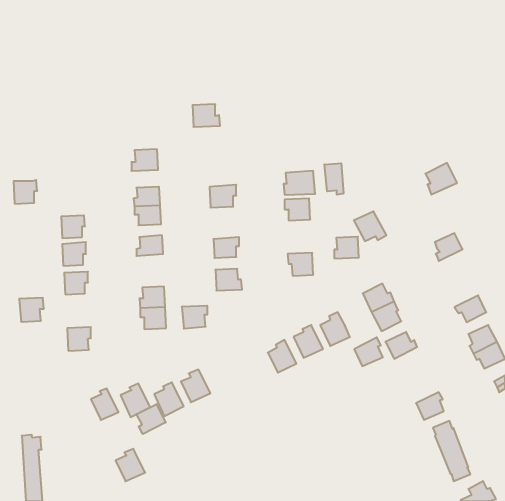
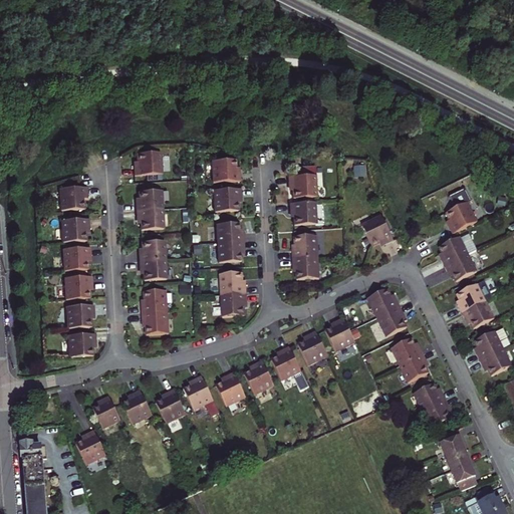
building: [192,104,220,127] -> [211,159,239,182]
building: [425,163,457,195] -> [447,201,479,233]
building: [324,163,343,195] -> none
building: [14,180,37,204] -> [60,186,84,210]
building: none -> [215,223,243,243]
building: [334,237,359,258] -> [292,236,317,258]
building: none -> [446,253,478,281]
building: none -> [139,258,167,279]
building: none -> [458,280,493,312]
building: [19,298,44,322] -> [66,303,91,327]
building: [182,306,207,329] -> [220,294,246,317]
building: [354,337,383,366] -> [401,352,430,381]
building: none -> [244,359,273,394]
building: none -> [215,371,246,405]
building: none -> [415,382,446,410]
building: [136,404,166,434] -> none
building: [116,449,145,481] -> [76,430,106,463]

